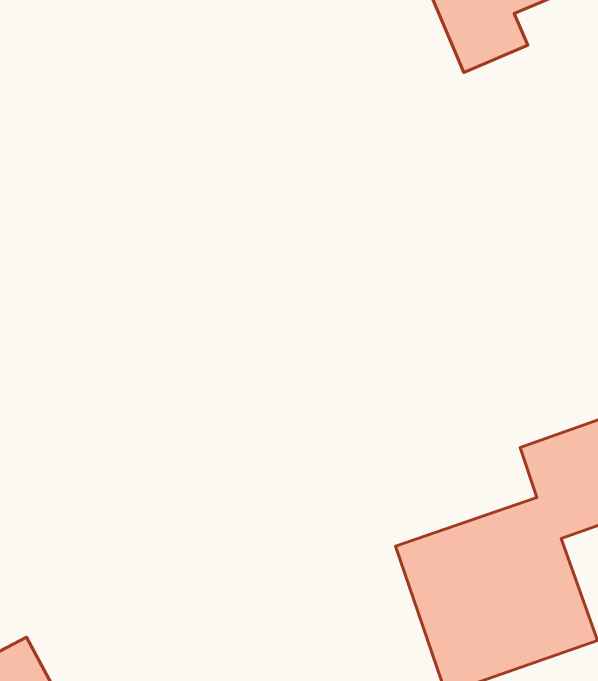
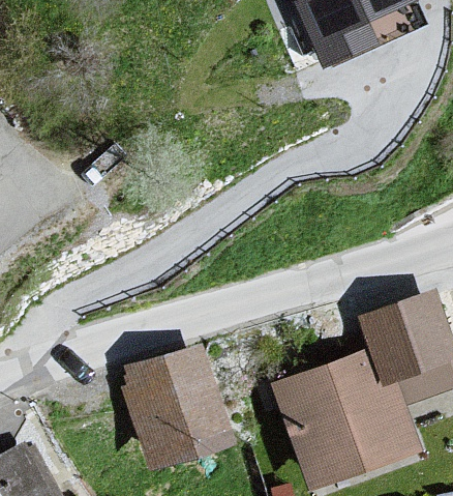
building: none -> [129,348,229,466]

